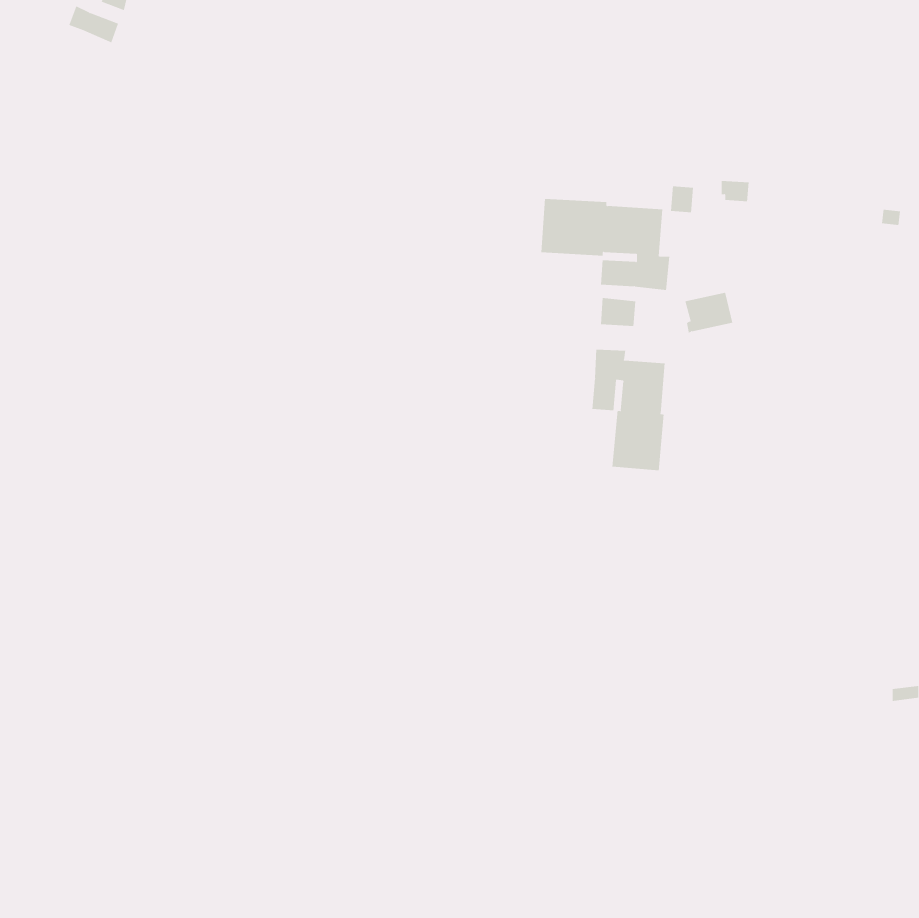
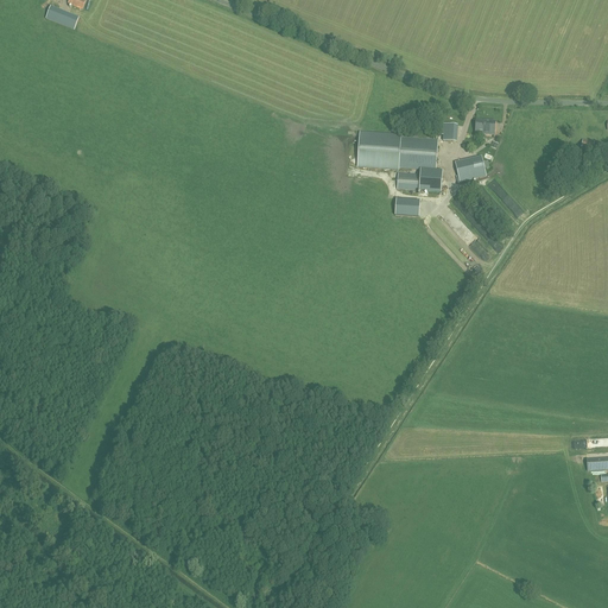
building: [684,292,733,334] -> [454,154,486,182]
building: [592,349,665,471] -> none

